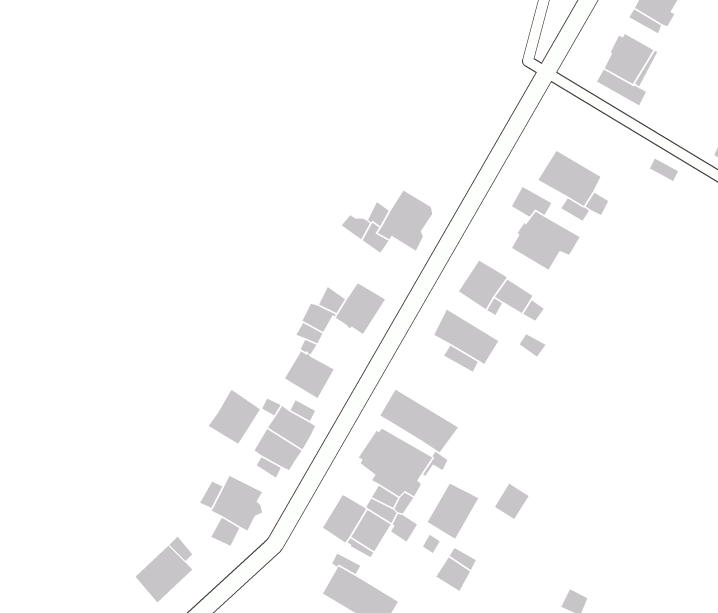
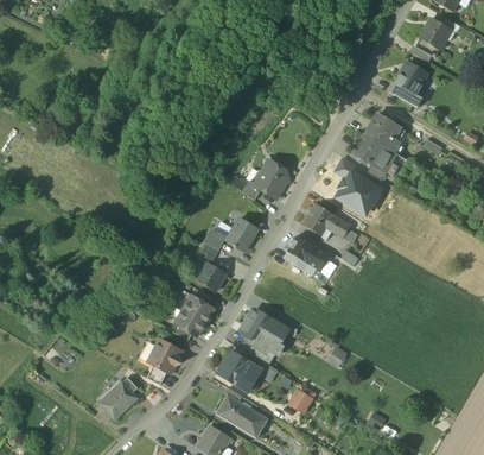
building: none -> [364,114,410,154]
building: [379,389,459,453] -> none
building: [208,389,261,445] -> none
building: [427,482,480,540] -> none

